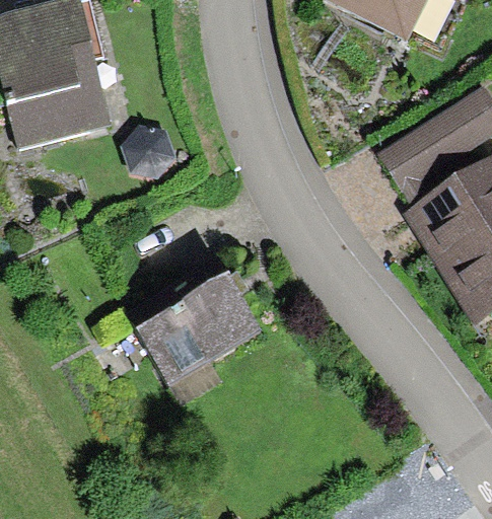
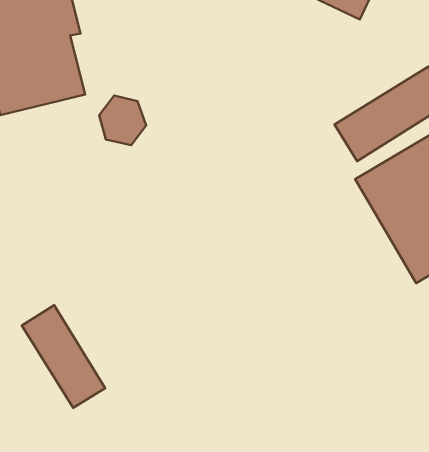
building: [124,252,265,404] -> none
building: none -> [22,305,105,408]

